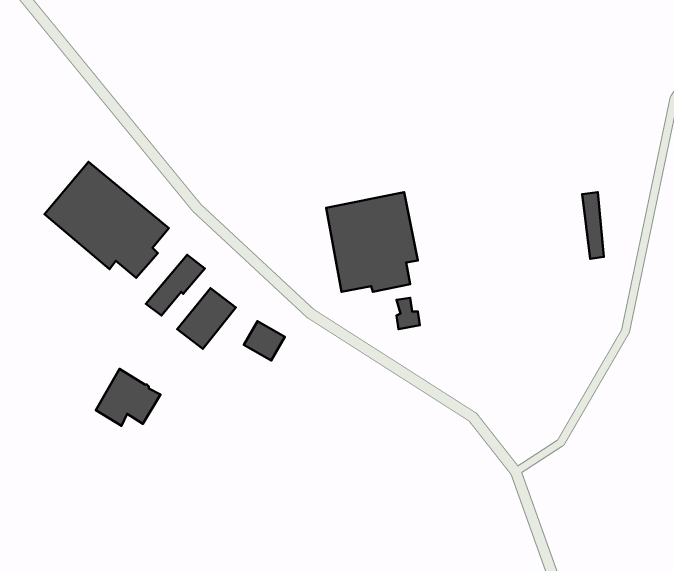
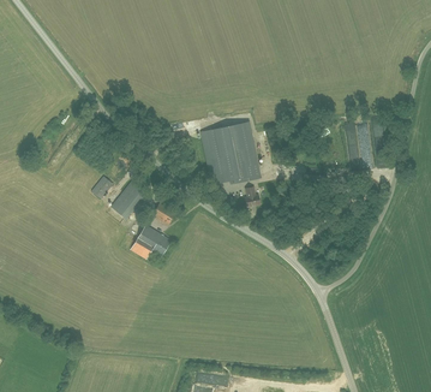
building: [44,162,169,278] -> none
building: [96,369,161,426] -> [131,224,170,259]

